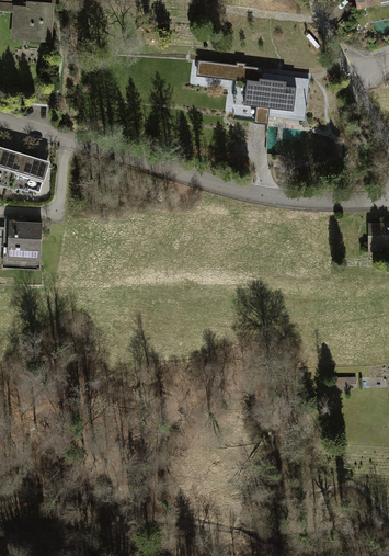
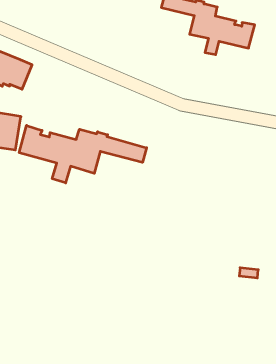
building: none -> [19,125,147,183]

